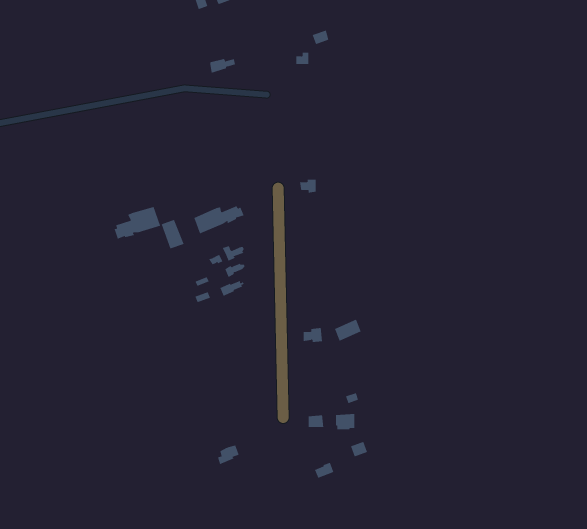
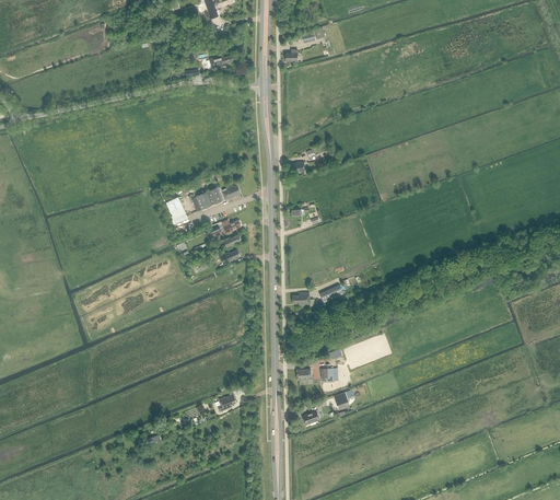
building: [114,206,161,240] -> none

